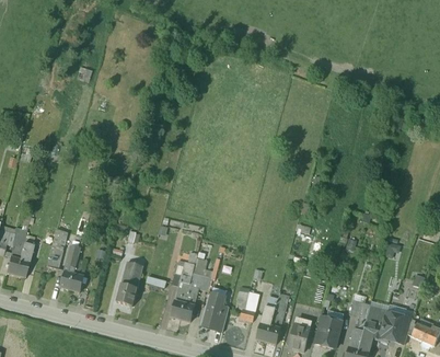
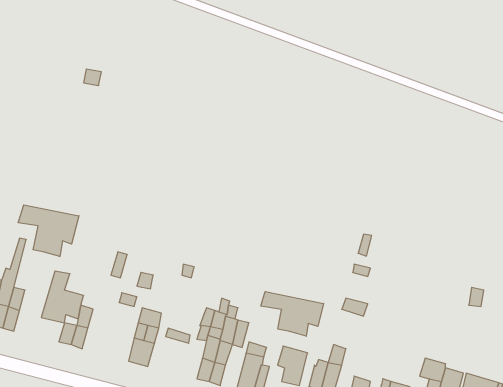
building: none -> [18,205,79,257]
building: none -> [261,292,324,336]

